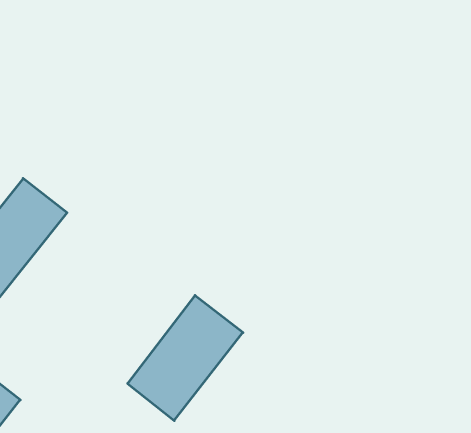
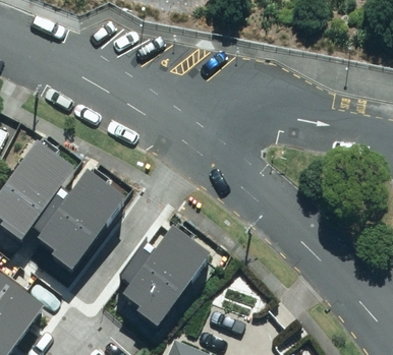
building: none -> [39,171,126,263]

